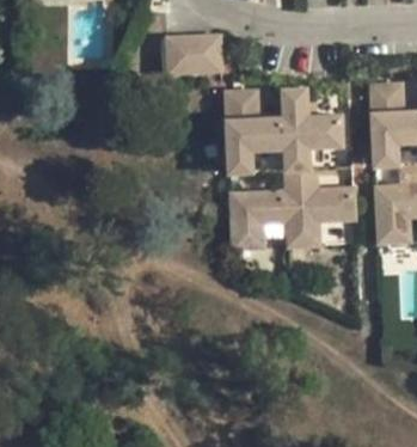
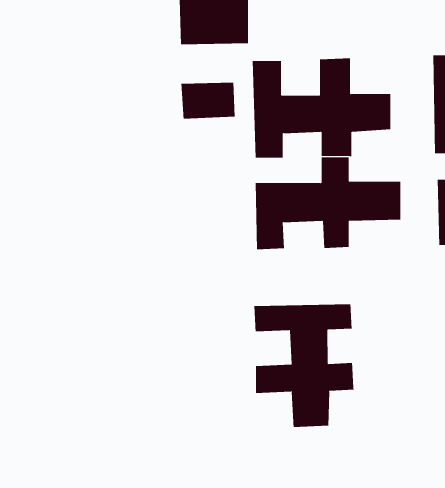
building: none -> [181,82,235,119]
building: none -> [254,304,354,428]

